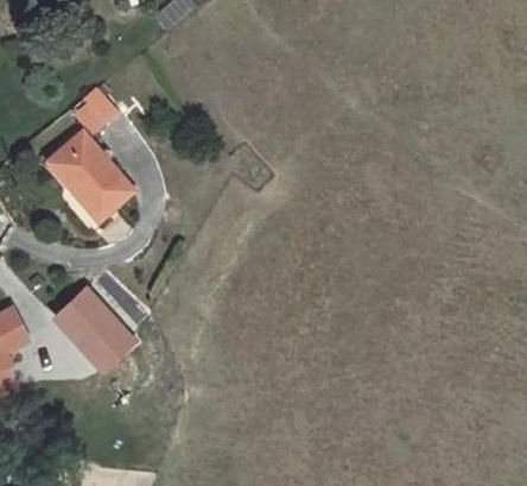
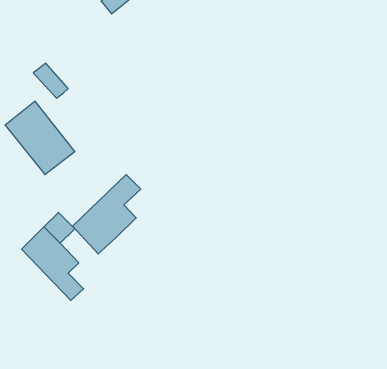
building: none -> [72,175,141,254]

